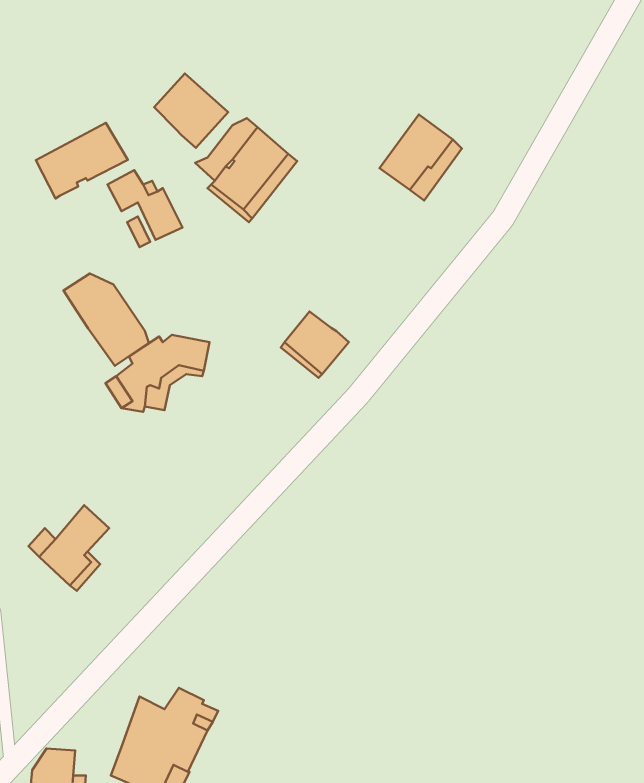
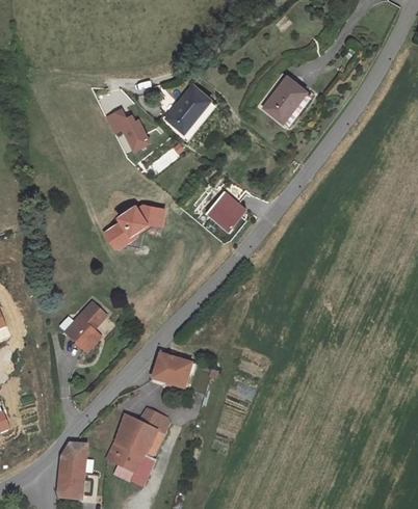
building: [154,74,228,148] -> none
building: [36,123,128,199] -> none
building: [63,274,149,366] -> none
building: none -> [152,353,191,389]

